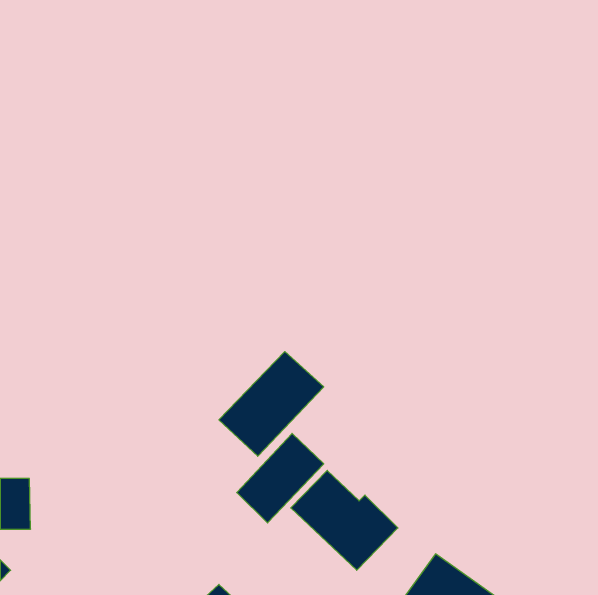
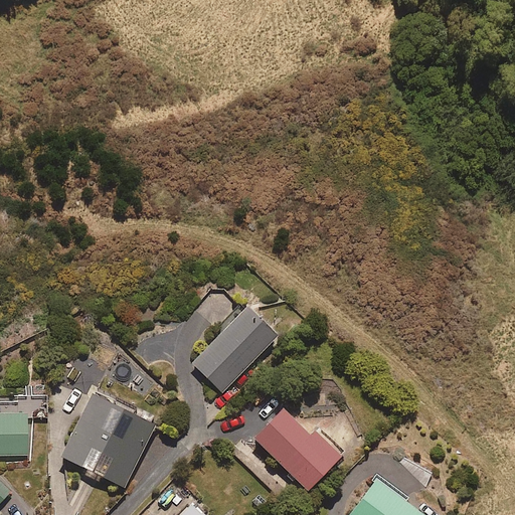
building: [237,433,324,523] -> none
building: none -> [60,392,155,487]

